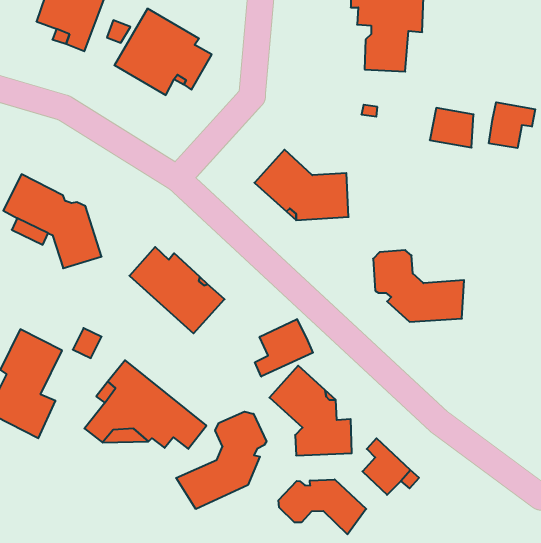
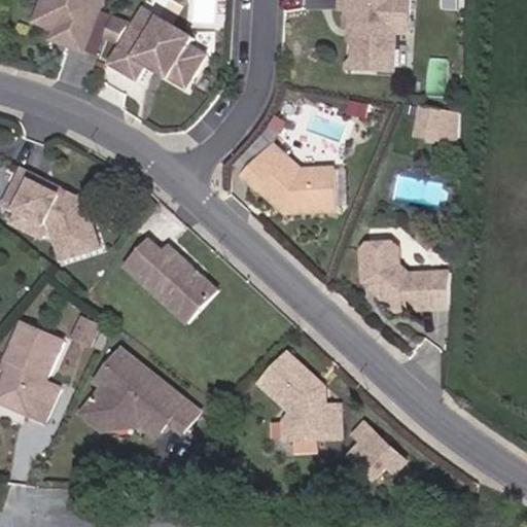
building: [489,102,535,148] -> none
building: [255,319,313,377] -> none
building: [176,412,266,509] -> none
building: [279,479,366,534] -> none

